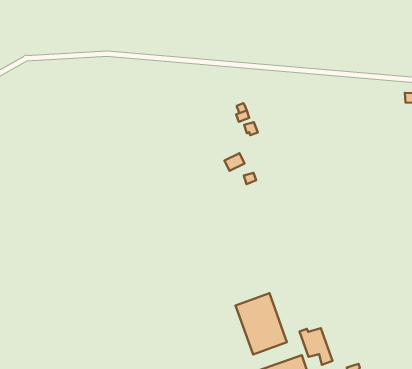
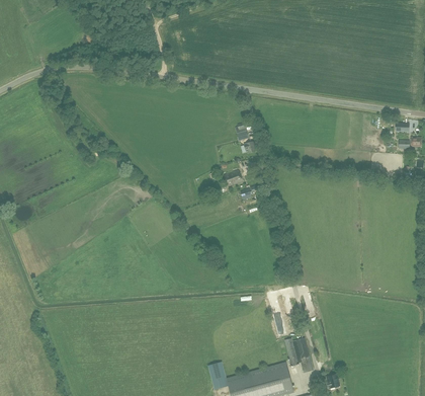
building: [236,293,287,355] -> none

